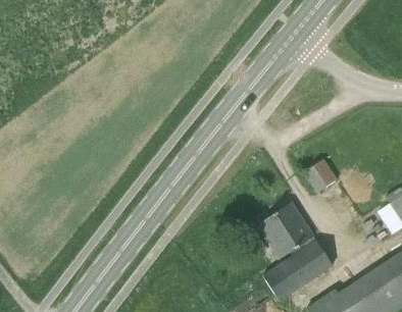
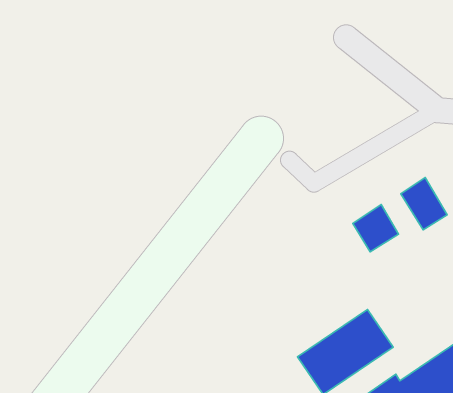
building: none -> [401,178,447,230]
building: [257,201,315,259] -> none

